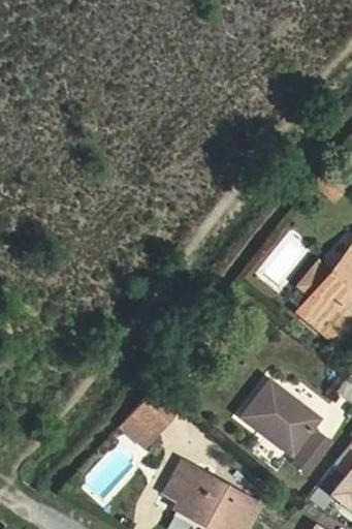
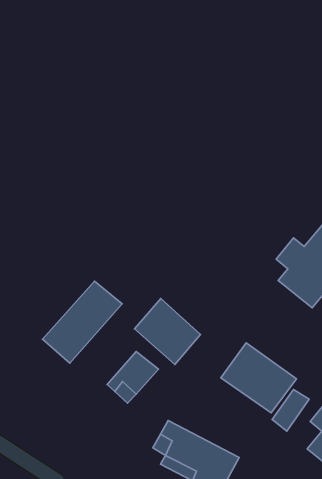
building: none -> [42,281,122,363]
building: none -> [134,298,200,364]

